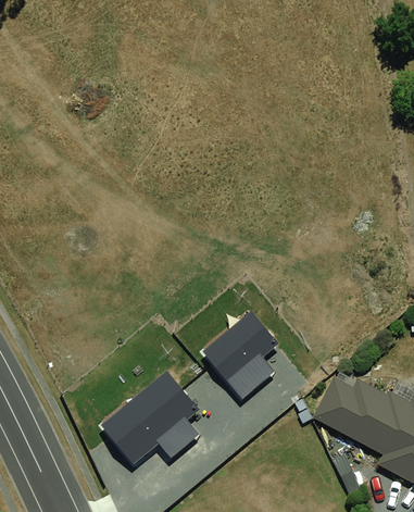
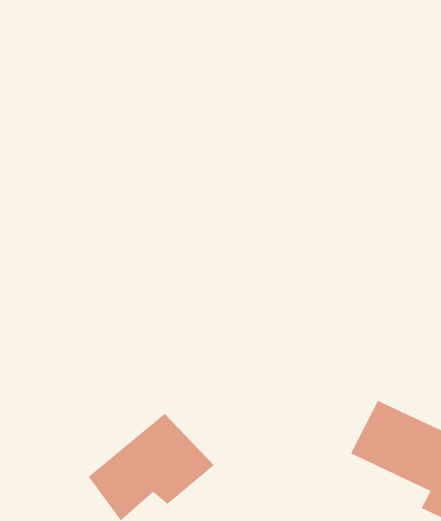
building: [200,314,276,399] -> none

